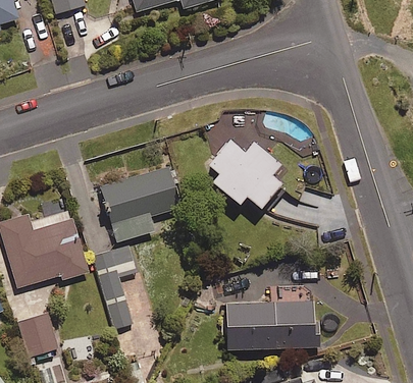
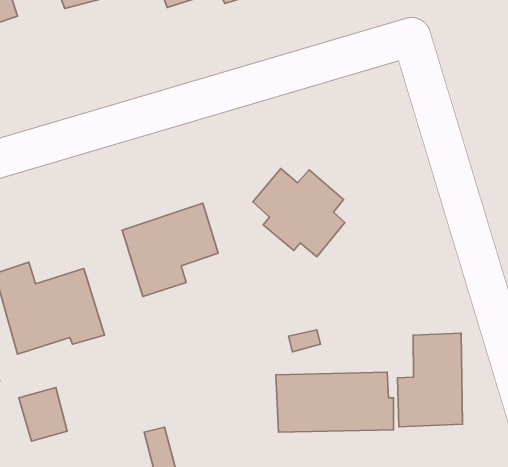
building: [95,247,136,329] -> none
building: none -> [398,333,463,427]

